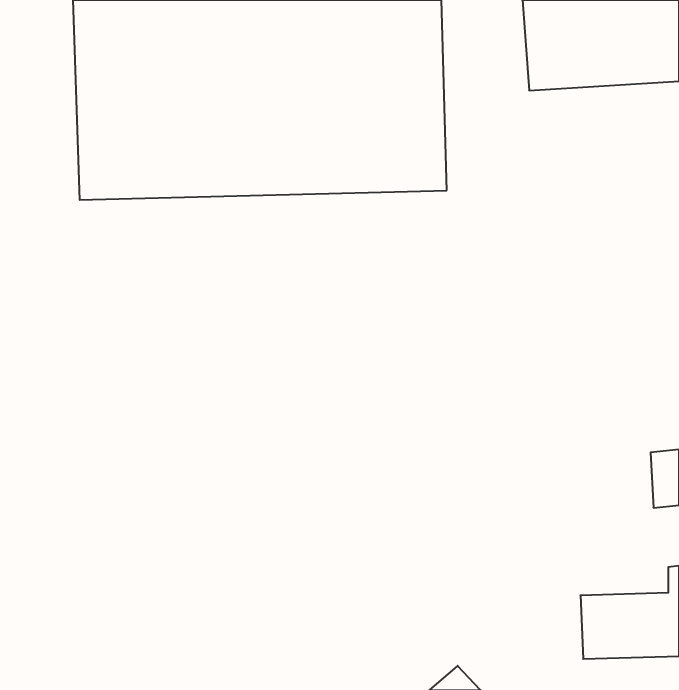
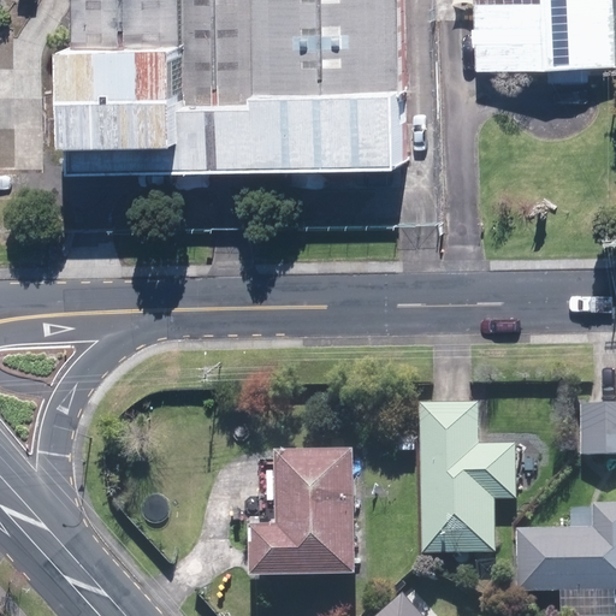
building: none -> [422,403,511,547]
building: none -> [261,448,359,569]

